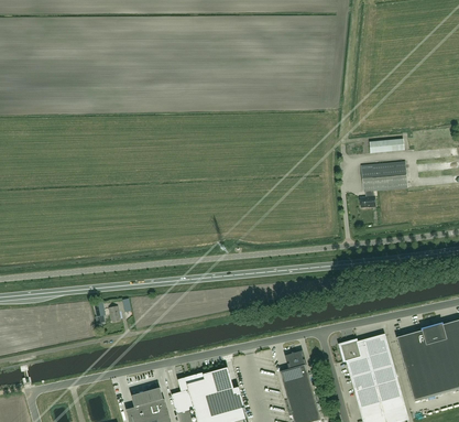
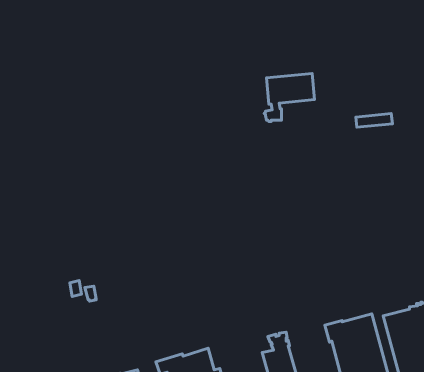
building: [358,161,406,207] -> [264,73,315,121]

